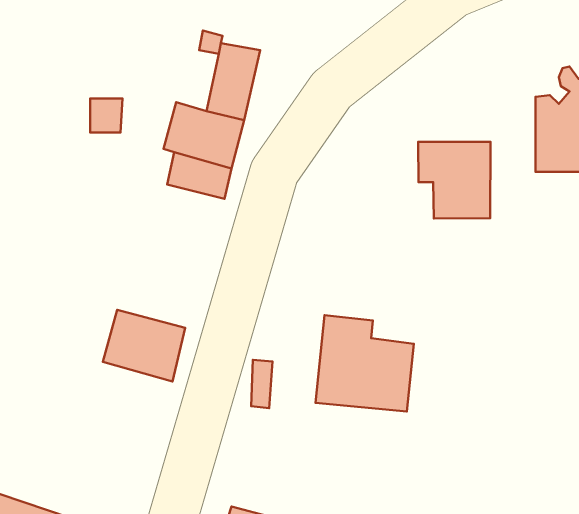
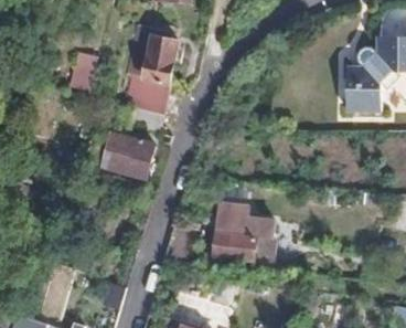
building: [418,142,490,218] -> none
building: [103,310,185,381] -> [103,134,153,178]

